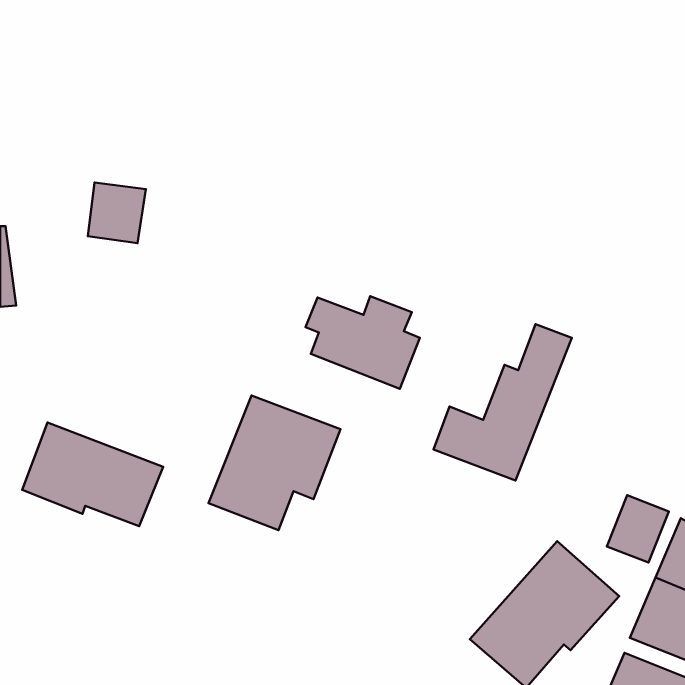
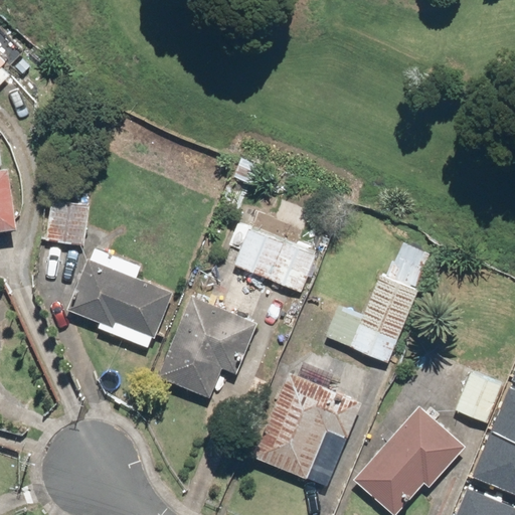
building: [88,182,146,243] -> [46,201,90,246]
building: [22,422,163,526] -> [67,261,173,338]
building: none -> [252,363,361,486]

